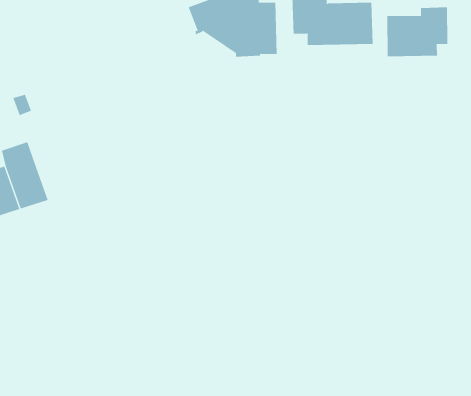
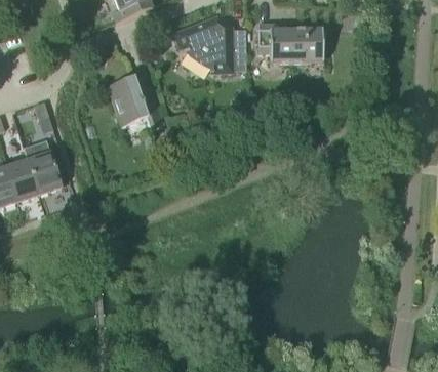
building: [387,6,448,57] -> none
building: none -> [108,77,163,131]

